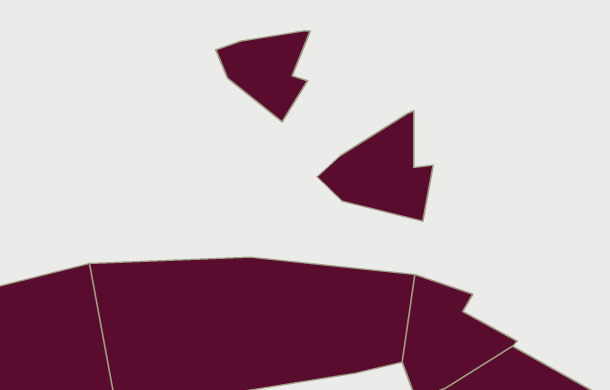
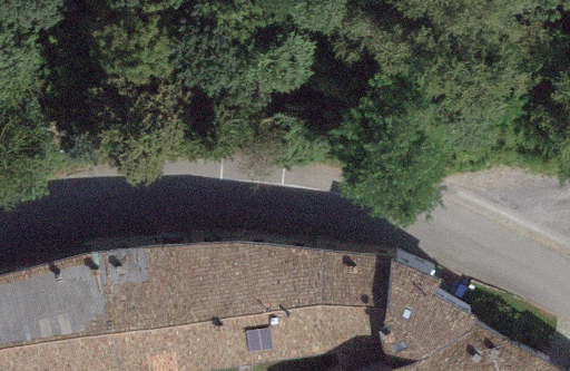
building: [216,31,310,122] -> none
building: [317,111,433,221] -> none

